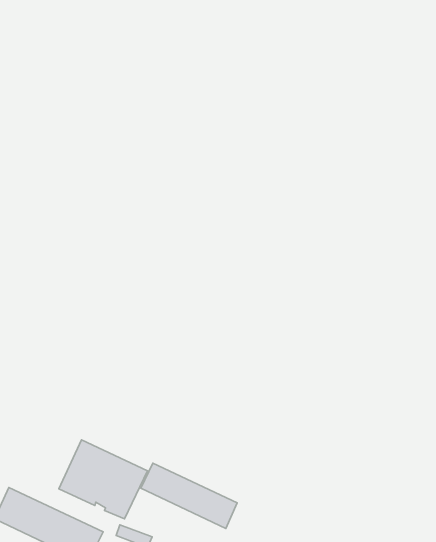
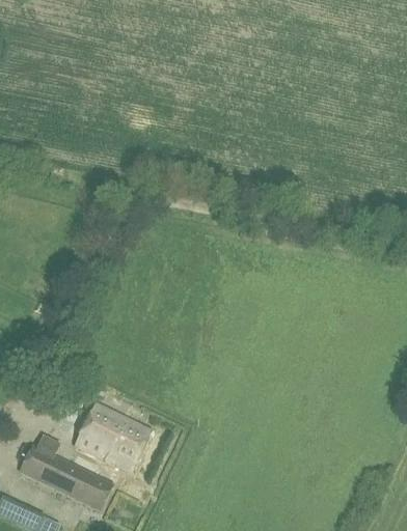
building: [141,463,237,529] -> none

